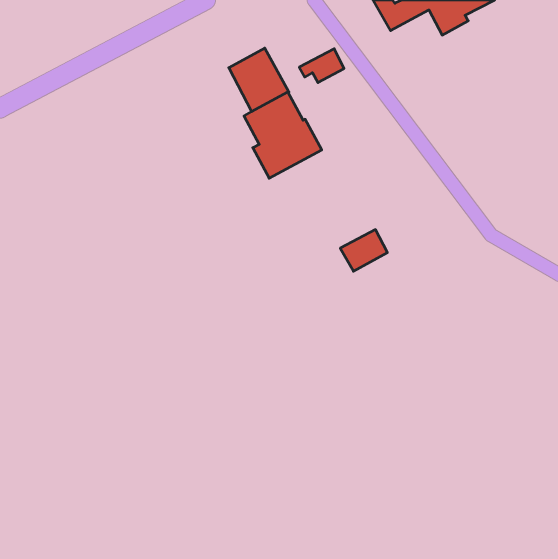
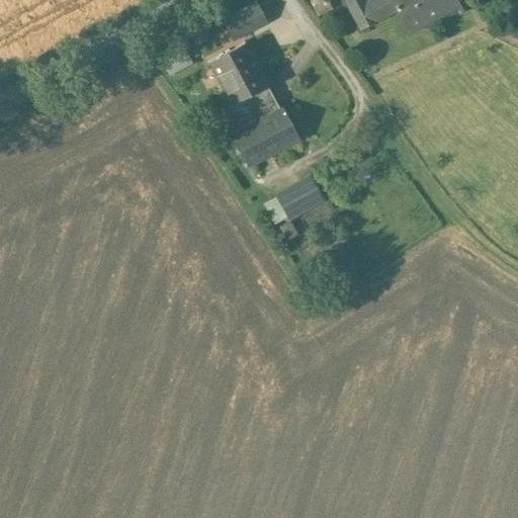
building: [299,49,344,83] -> [225,4,266,35]
building: [340,230,387,271] -> [278,178,322,217]

